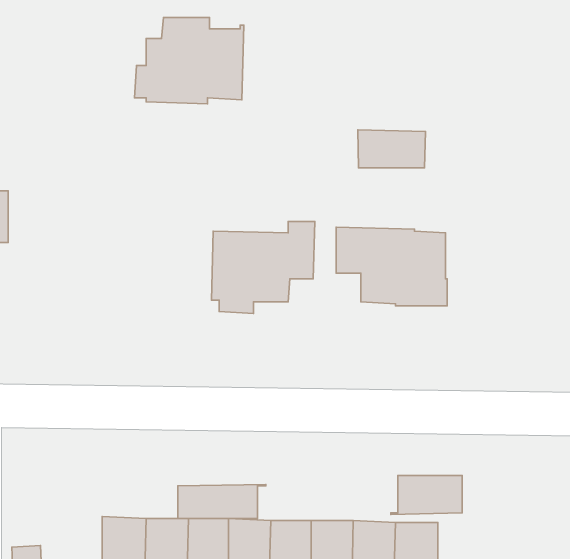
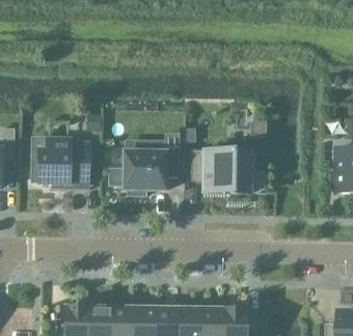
building: [135,17,244,104] -> [30,137,89,184]
building: [358,130,426,168] -> none
building: [391,476,462,515] -> none
building: [178,484,266,519] -> none

